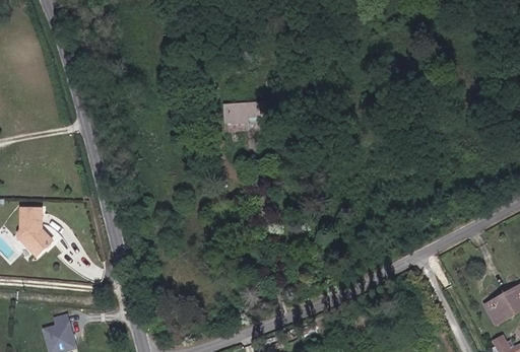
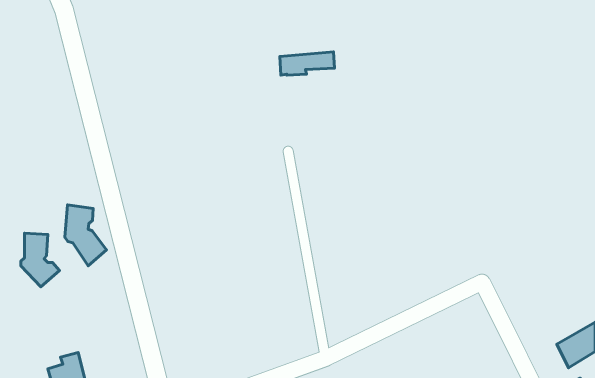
building: [223,102,271,123] -> [280,52,335,75]
building: none -> [65,205,107,266]

